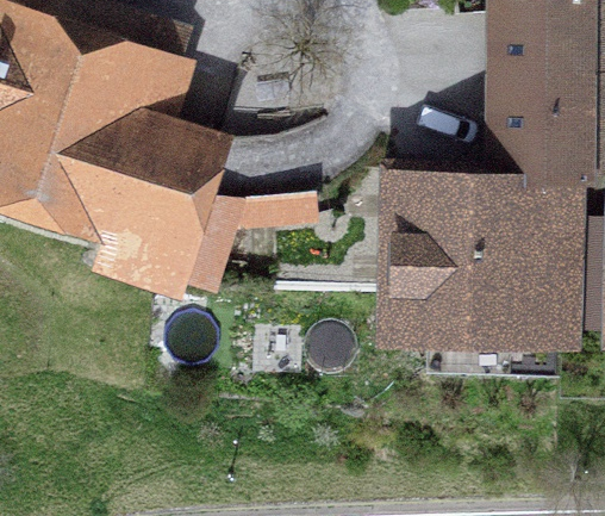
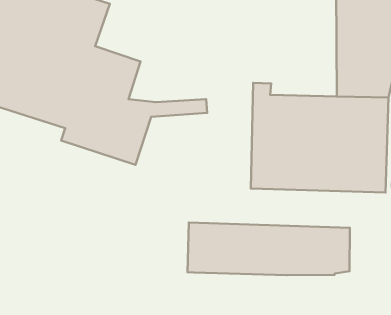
building: none -> [187,222,350,275]

